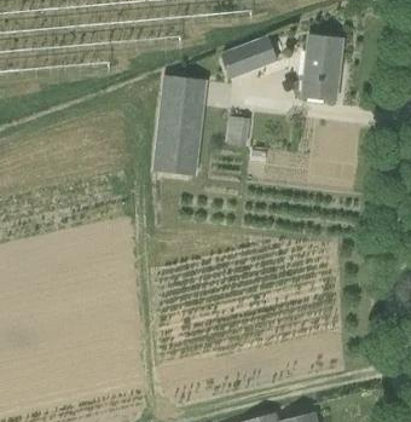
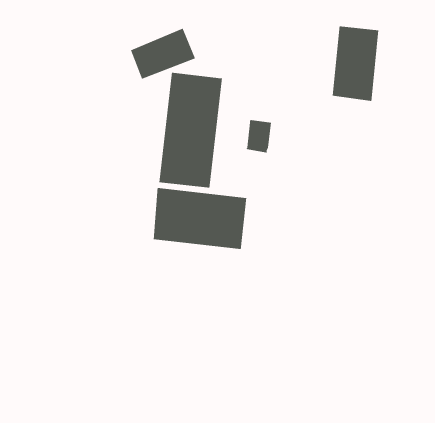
building: [221,35,278,80] -> [130,28,196,79]
building: none -> [153,187,247,250]

